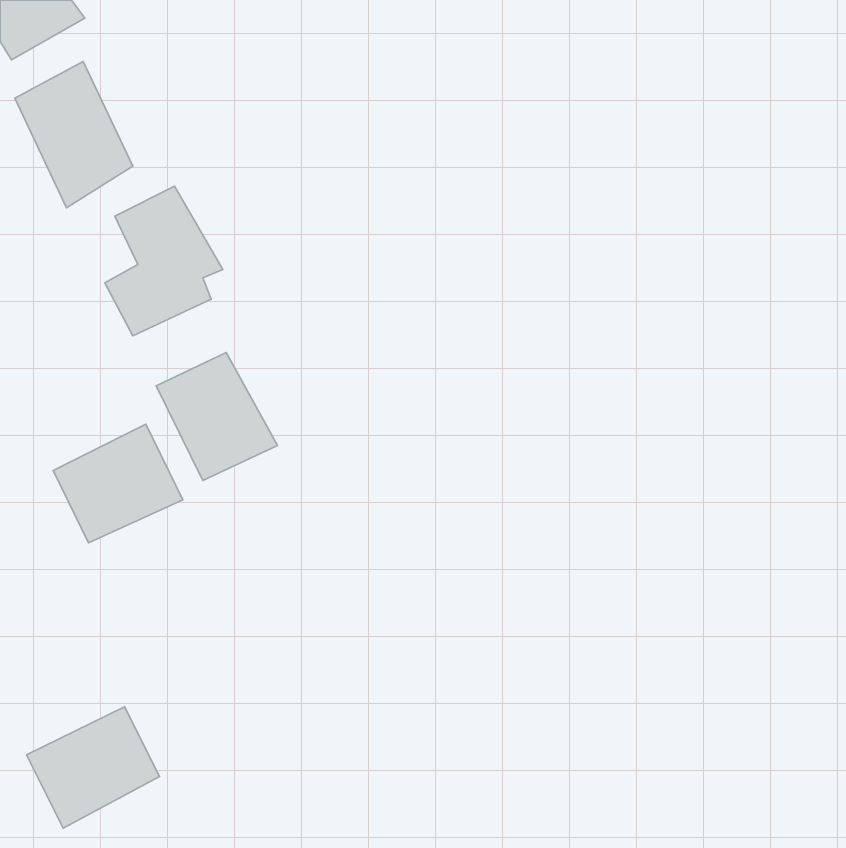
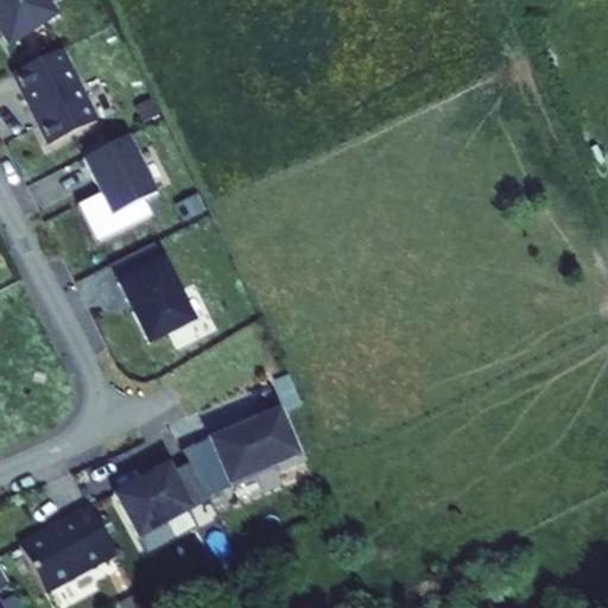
building: [53,424,183,543] -> none
building: none -> [208,404,304,486]
building: none -> [114,454,211,539]

